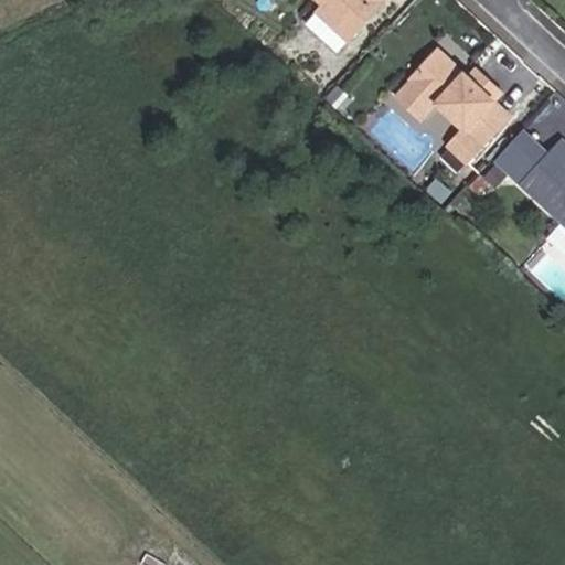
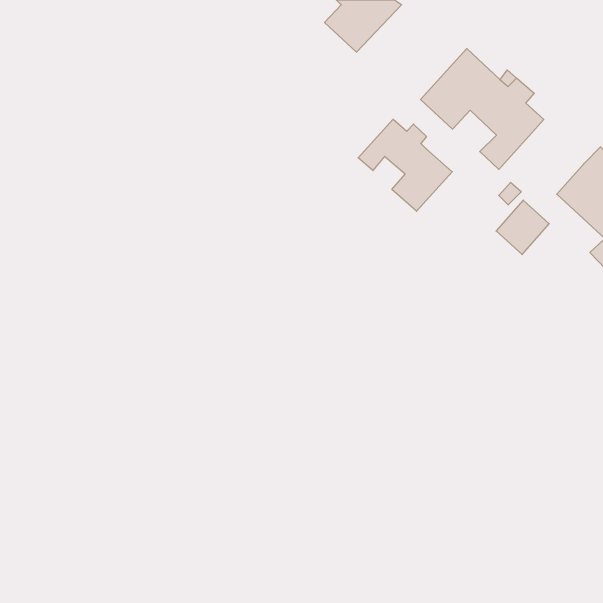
building: none -> [358,119,452,211]
building: [497,132,546,183] -> [496,200,549,255]

